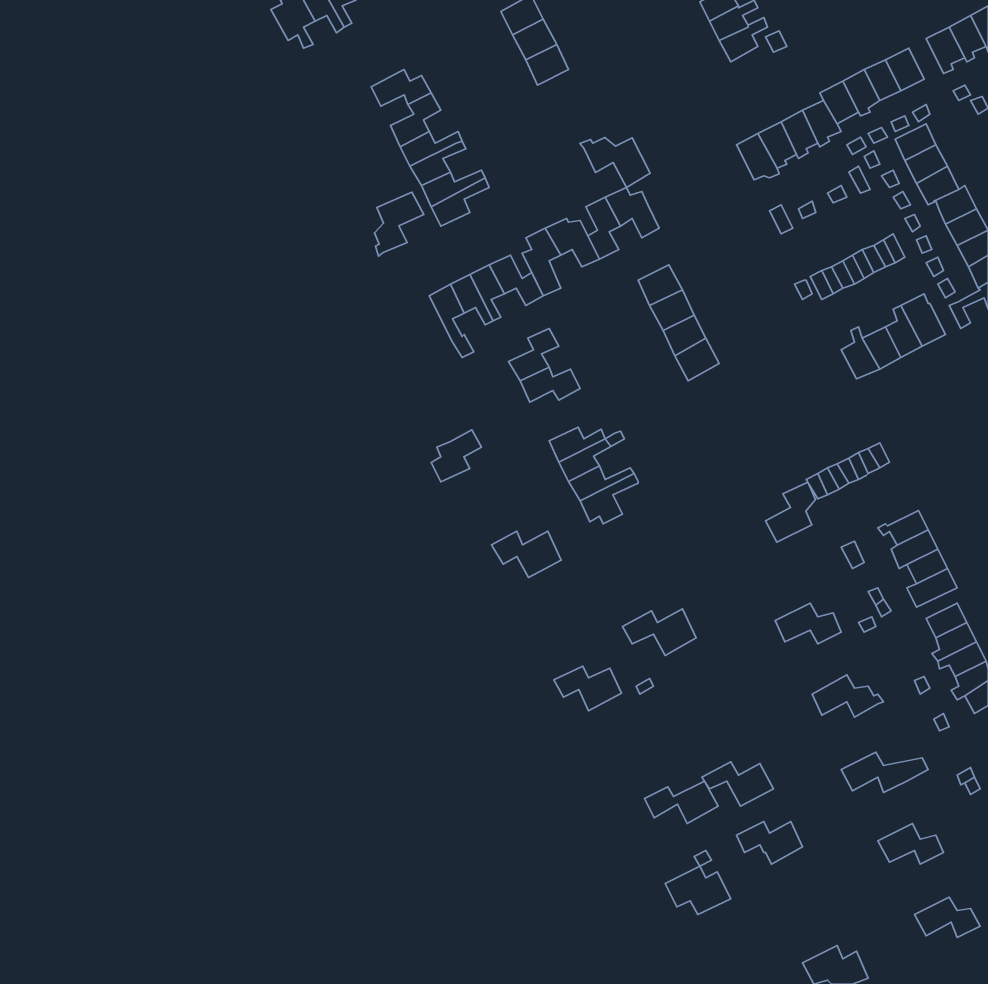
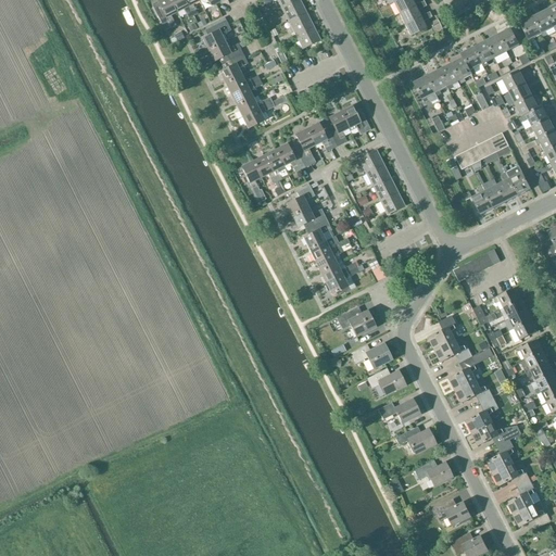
building: none -> [202,18,230,49]
building: [580,137,650,188] -> none
building: [374,192,424,256] -> none
building: [431,430,481,482] -> [303,218,331,248]
building: [765,482,816,542] -> [429,315,457,349]
building: [492,531,561,578] -> [336,309,375,336]
building: none -> [450,355,479,390]
building: [554,666,621,711] -> [366,369,404,394]
building: none -> [466,395,500,432]
building: none -> [486,439,516,472]
building: [645,781,718,824] -> [378,399,419,422]
building: none -> [507,479,536,514]
building: [665,866,731,914] -> [434,497,471,525]

